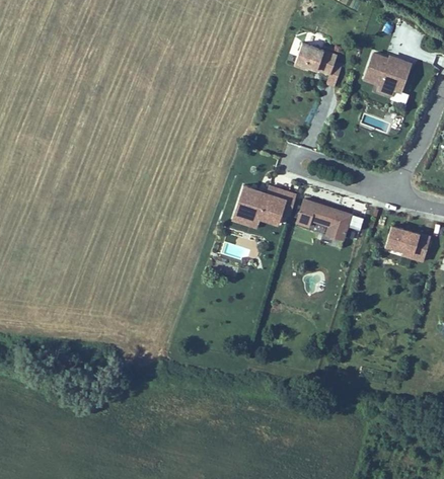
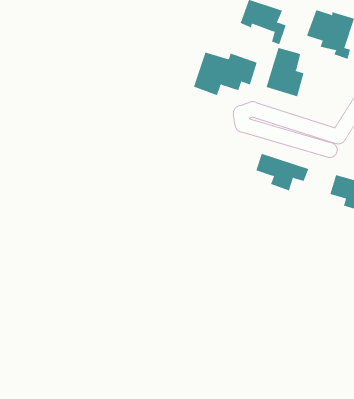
building: none -> [266,47,304,97]
building: [230,183,297,229] -> [193,52,257,96]

